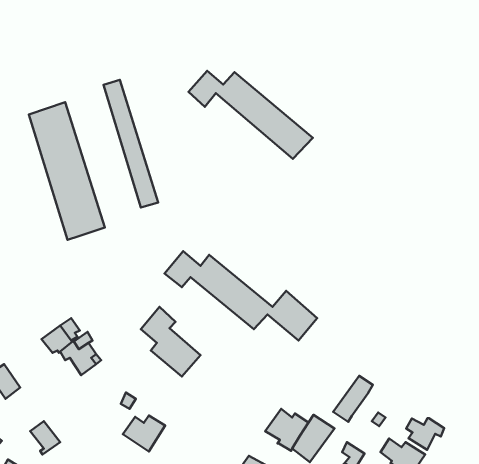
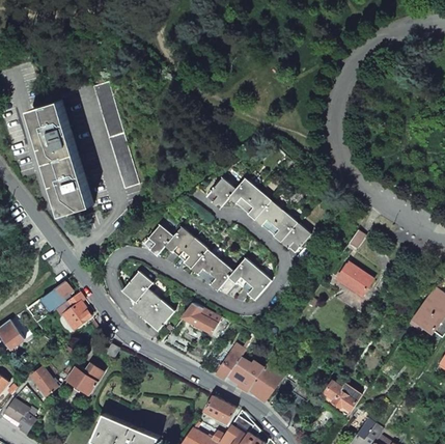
building: [189,71,313,159] -> [206,178,310,252]
building: none -> [337,262,374,297]
building: none -> [182,305,229,337]
building: [333,376,373,422] -> [212,342,245,381]
building: [123,415,165,451] -> [67,364,103,394]
building: [406,418,444,450] -> none

